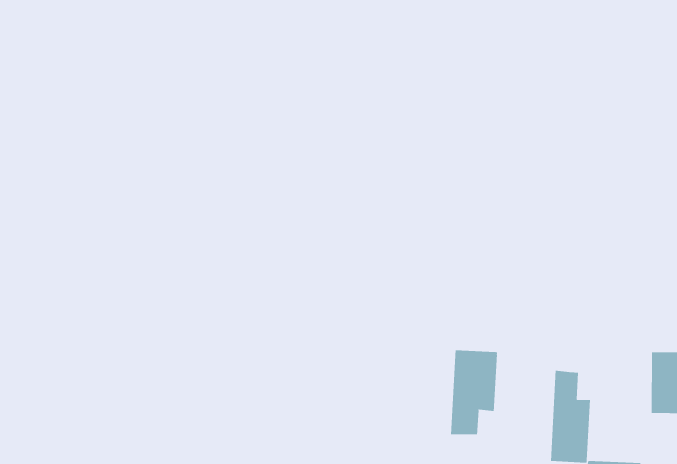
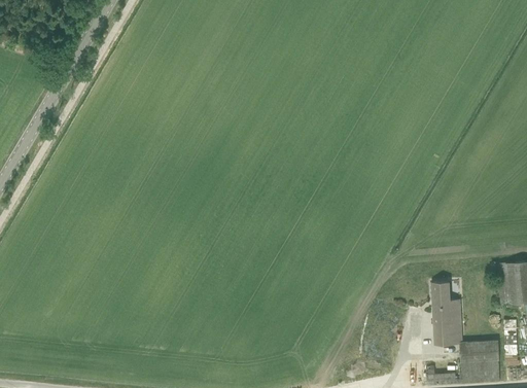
building: [451,349,497,435] -> none

